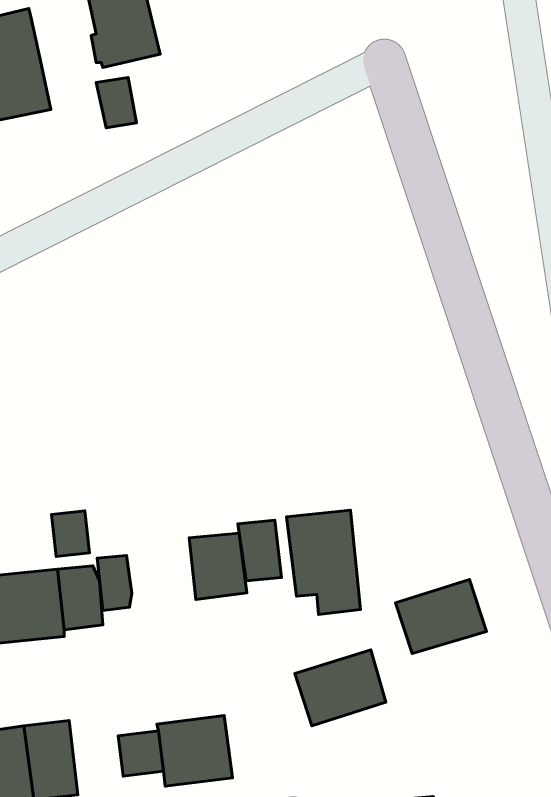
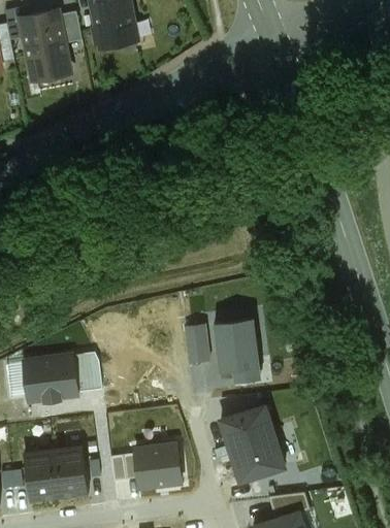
building: [96,77,137,128] -> [57,12,82,43]
building: [51,511,90,556] -> none
building: [189,533,247,599] -> none
building: [97,555,132,610] -> none
building: [395,579,486,653] -> [229,436,285,482]

